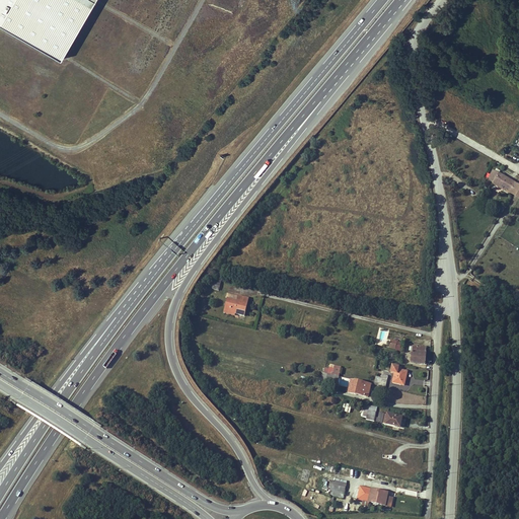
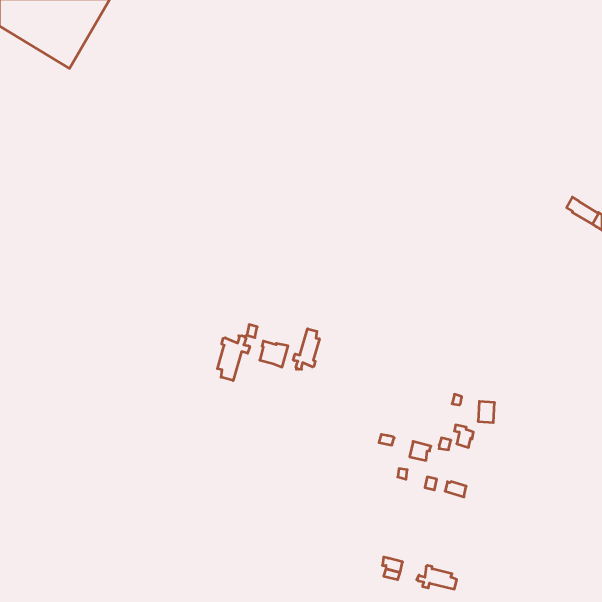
building: none -> [293,329,319,369]
building: none -> [217,336,250,381]

